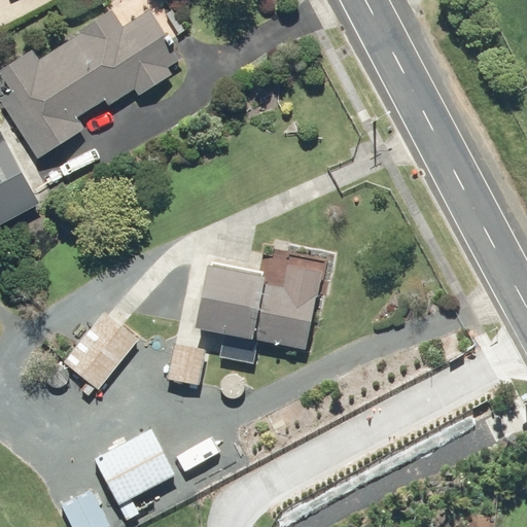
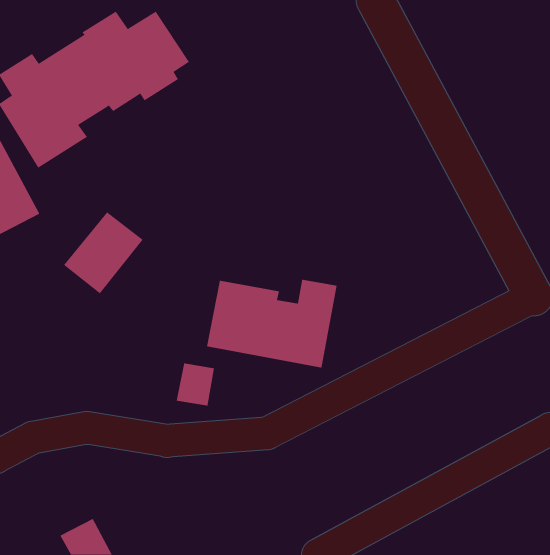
building: [62,312,138,390] -> [63,212,144,294]
building: [94,428,175,522] -> none

